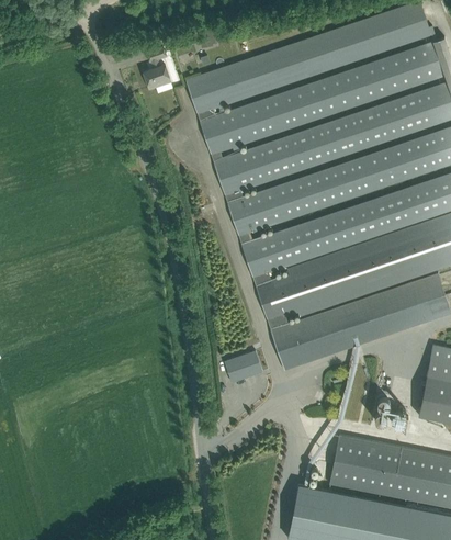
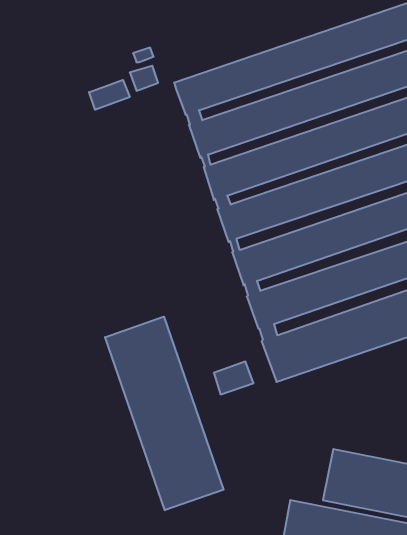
building: none -> [89,80,130,110]
building: none -> [105,317,224,510]

